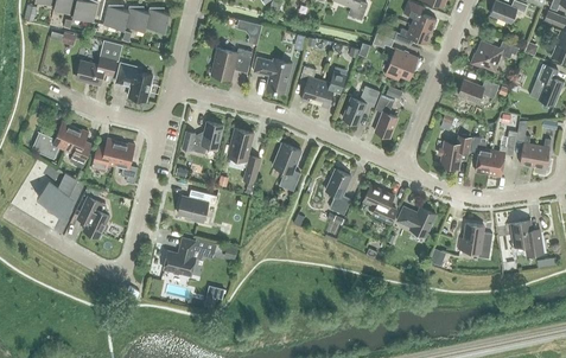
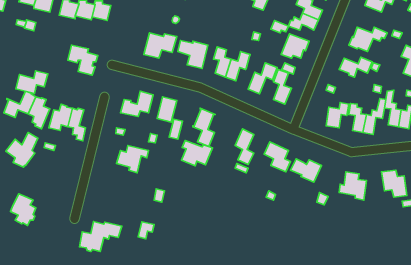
building: [76,56,116,84] -> [16,71,48,93]
building: none -> [181,141,213,166]
building: [77,197,109,237] -> [10,194,36,226]
building: [164,237,217,275] -> [79,221,122,251]

